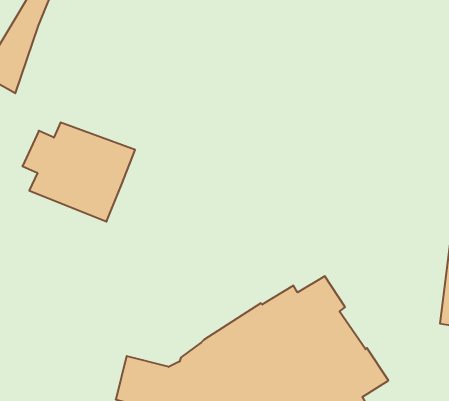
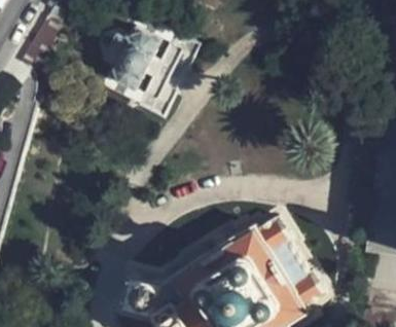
building: [22,123,135,222] -> [107,29,192,104]

